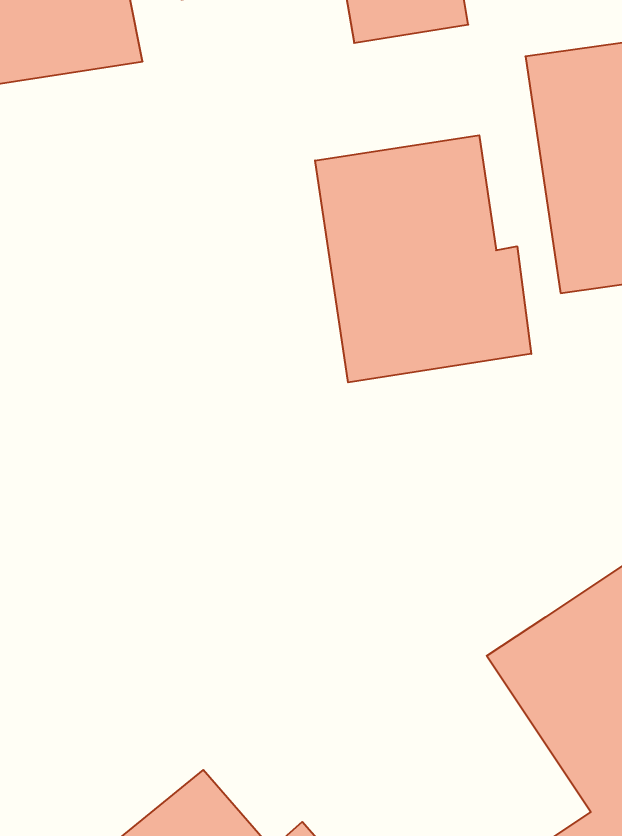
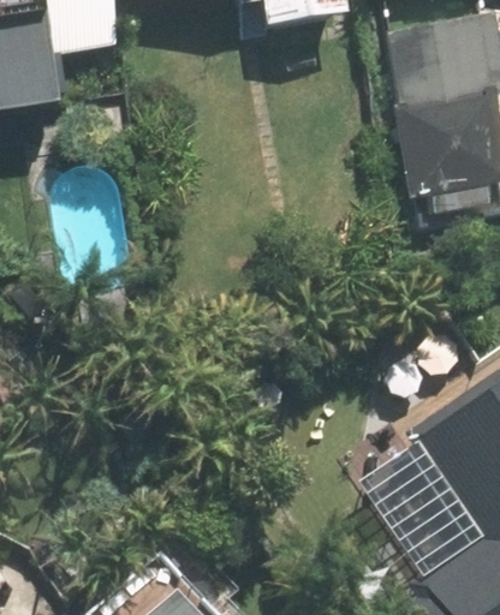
building: [315,135,531,382] -> none

